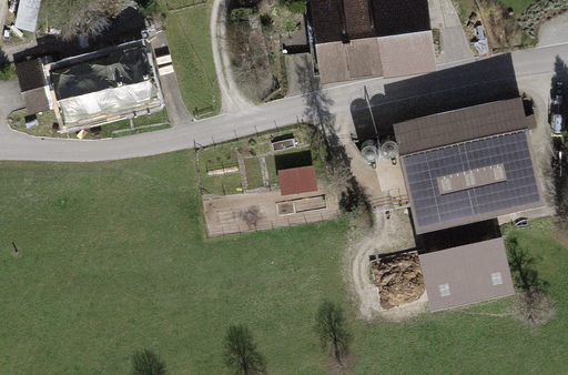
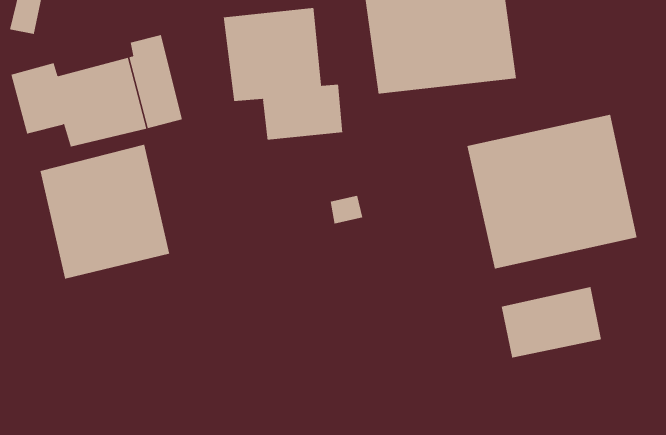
building: none -> [223,7,343,140]
building: none -> [40,144,170,279]

